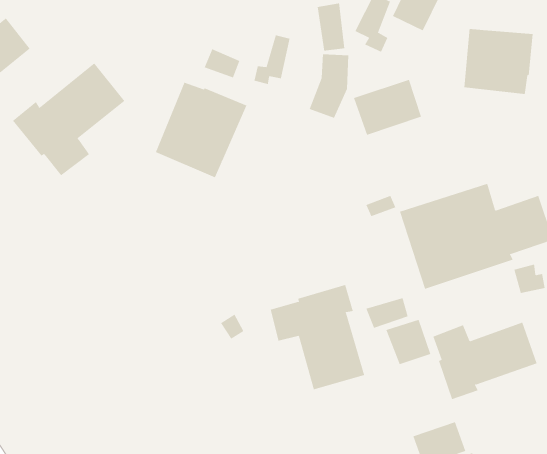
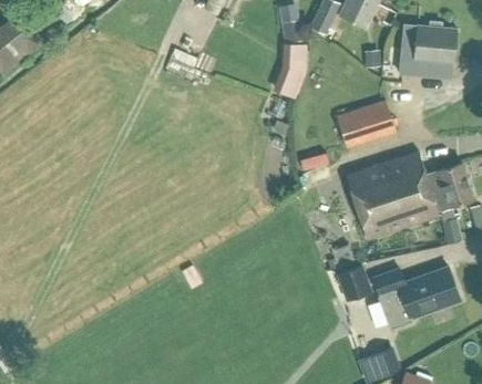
building: [254,35,290,85] -> none
building: [12,62,125,176] -> none
building: [353,79,422,136] -> [339,101,396,147]
building: [155,82,247,178] -> none
building: [270,284,365,390] -> none

